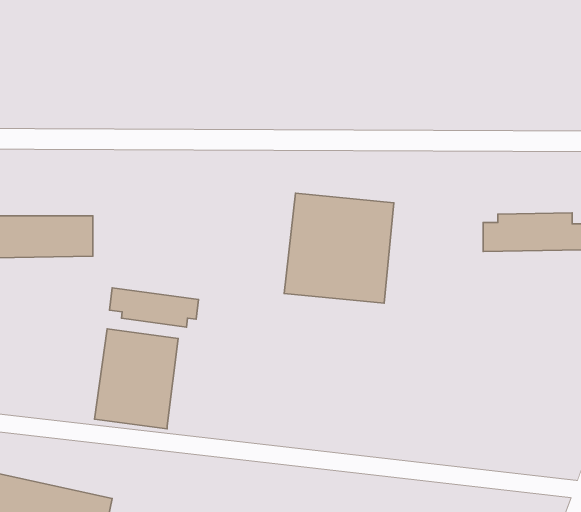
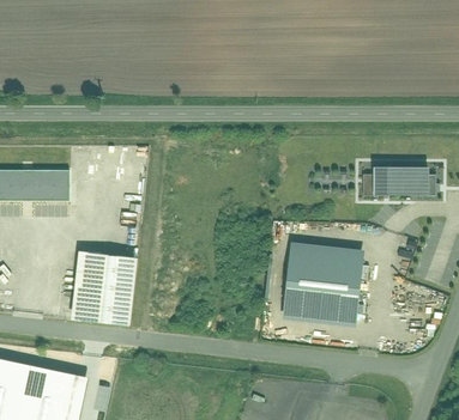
building: [284,193,394,303] -> [283,242,364,323]
building: [110,288,198,327] -> none

